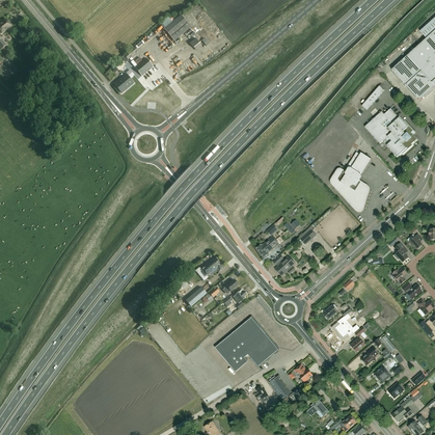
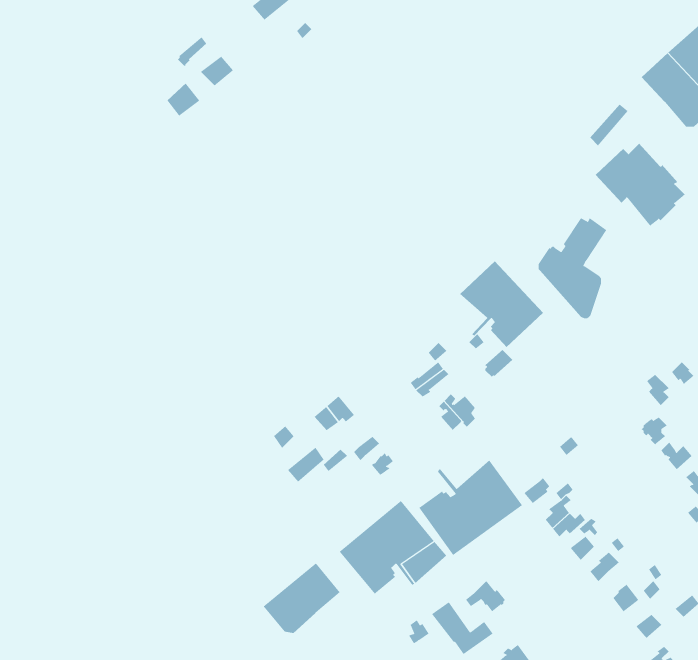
building: none -> [459,261,544,348]
building: none -> [418,459,523,556]
building: none -> [263,563,341,634]

